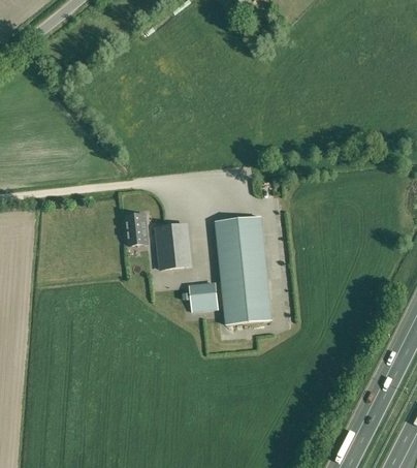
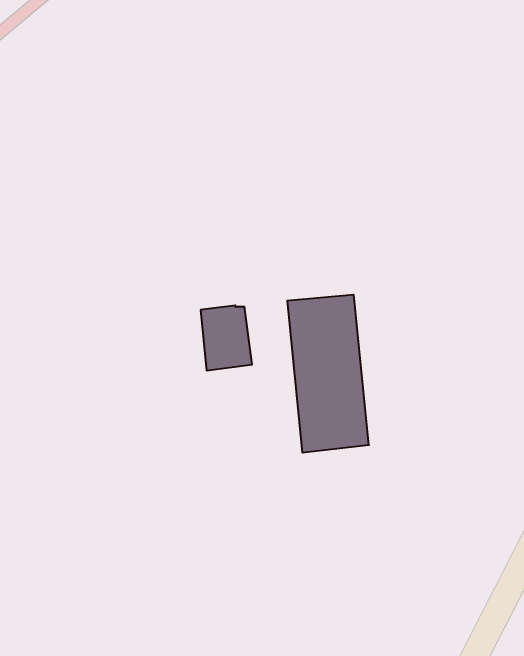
building: [125,213,147,244] -> none
building: [189,282,215,310] -> none

